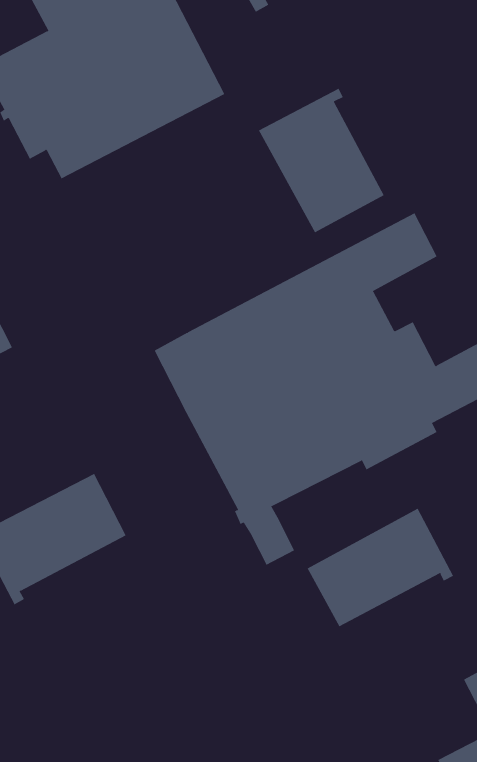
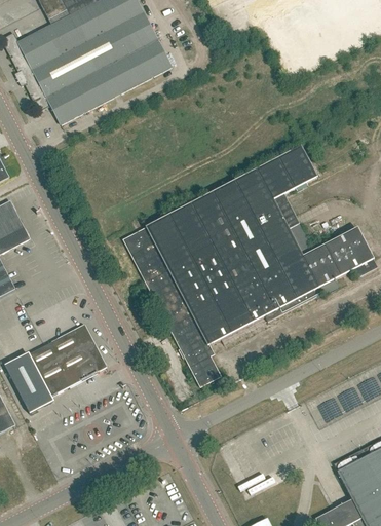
building: [258,88,384,233] -> none
building: [307,508,454,627] -> none

